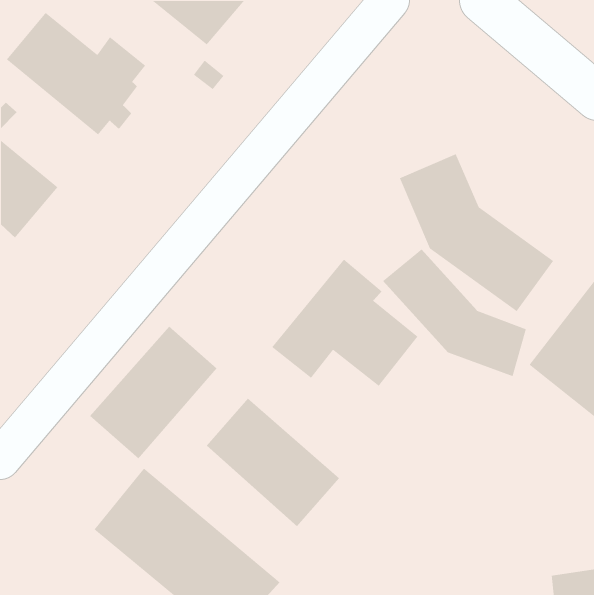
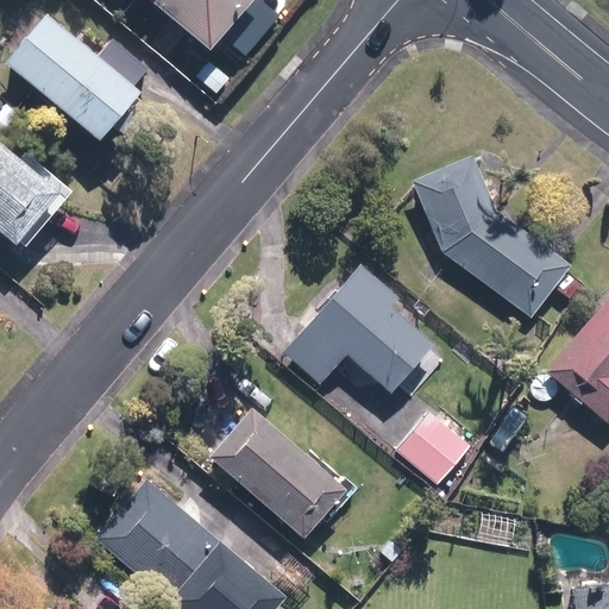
building: [382,249,527,377] -> none
building: [89,326,217,460] -> none
building: none -> [393,413,467,486]

